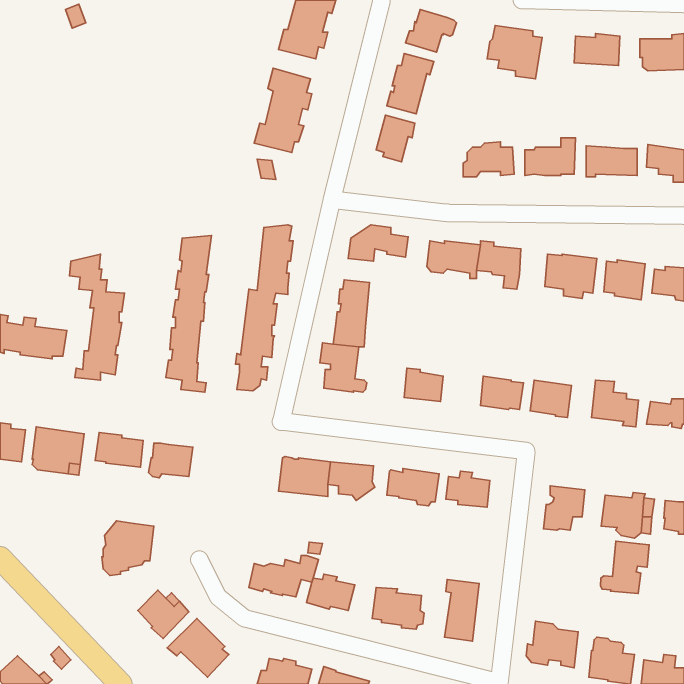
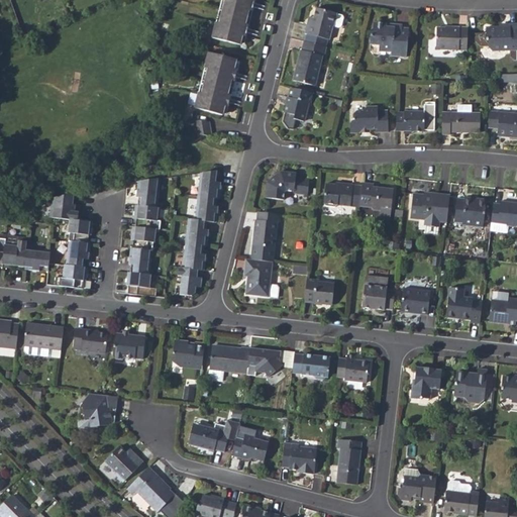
building: none -> [172,339,205,370]
building: [600,541,649,594] -> none

